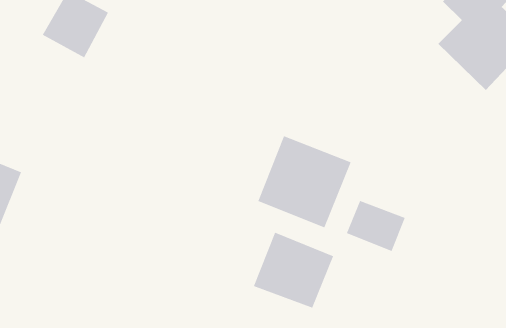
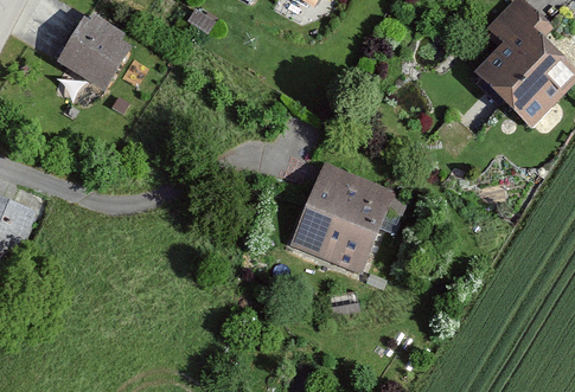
building: [346,200,406,252] -> none
building: [253,232,334,309] -> none

